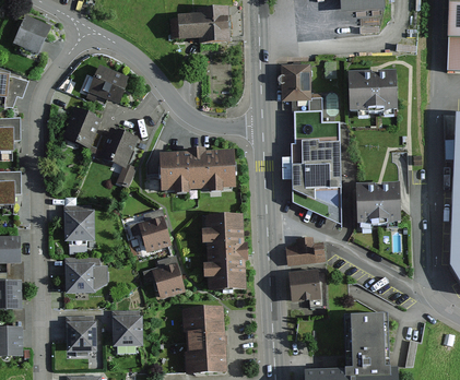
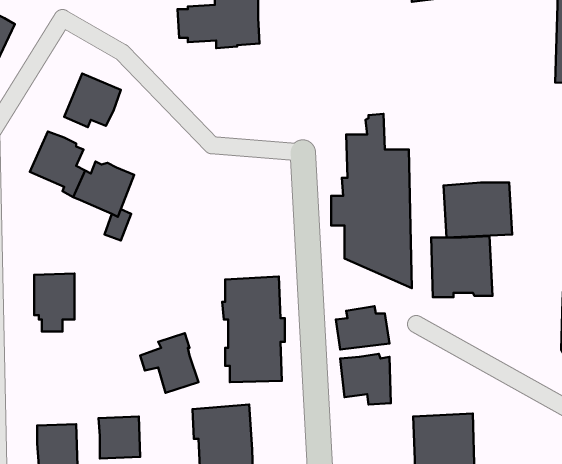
building: [281,60,310,97] -> none
building: [347,71,398,111] -> [444,182,512,238]
building: [158,147,236,192] -> none
building: [129,207,172,251] -> none
building: [66,262,108,293] -> none

